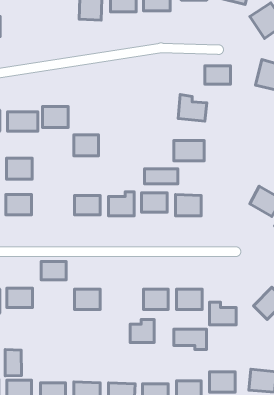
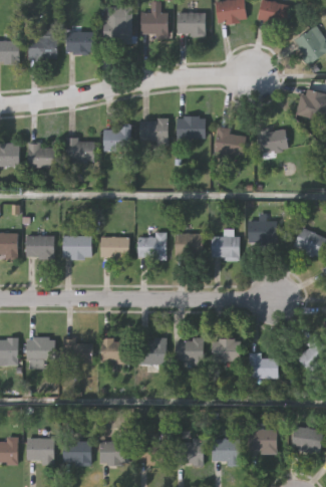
building: none -> [65,31,93,53]
building: none -> [27,37,57,59]
building: [205,66,230,84] -> [258,132,286,152]
building: none -> [176,117,204,139]
building: none -> [139,119,168,143]
building: [74,135,99,156] -> [103,128,130,151]
building: [174,141,204,161] -> [247,222,280,244]
building: [7,158,32,179] -> [62,236,90,259]
building: [144,169,178,184] -> none
building: [41,262,66,280] -> [65,342,92,362]
building: [130,320,154,343] -> [139,338,166,363]
building: [174,329,207,350] -> none
building: [5,350,22,376] -> none

